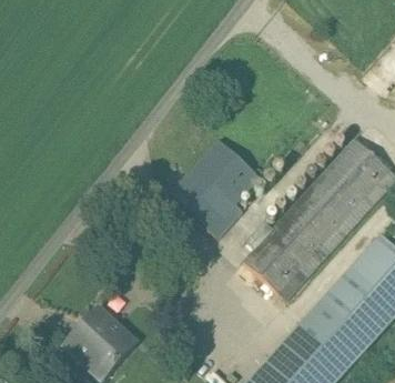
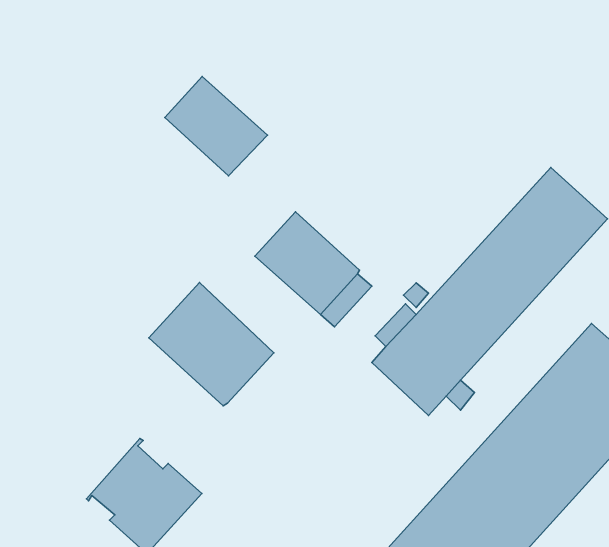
building: [196,139,261,201] -> [165,77,268,176]
building: none -> [149,282,274,406]

